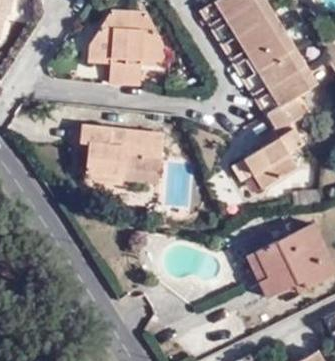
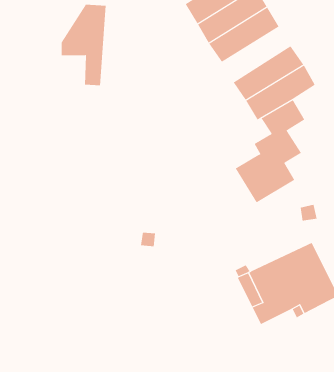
building: [124,12,166,85] -> none
building: [232,31,294,81] -> none
building: [79,125,165,185] -> none

